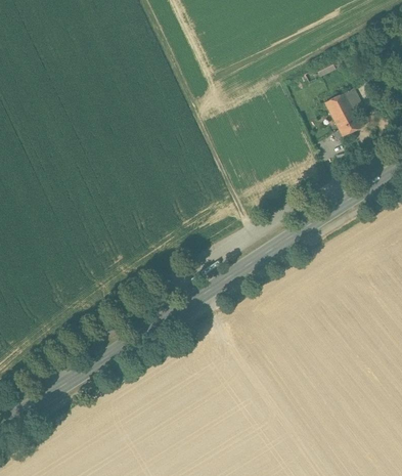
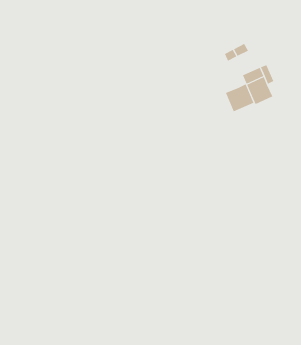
building: none -> [225,83,254,112]

